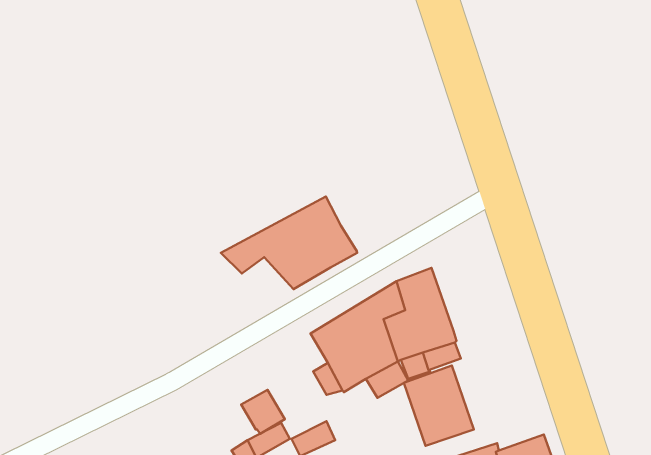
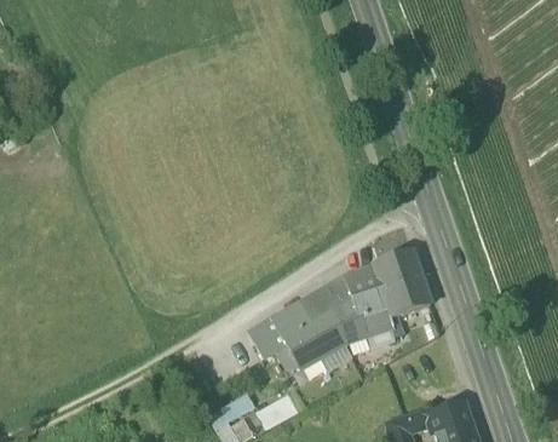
building: [221,197,357,289] -> none
building: [404,365,474,446] -> [372,248,430,315]
building: [241,390,285,434] -> [249,317,286,354]

